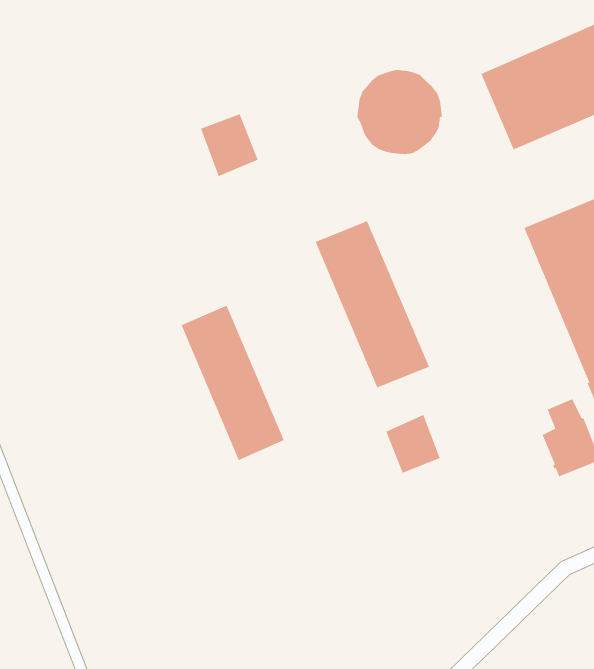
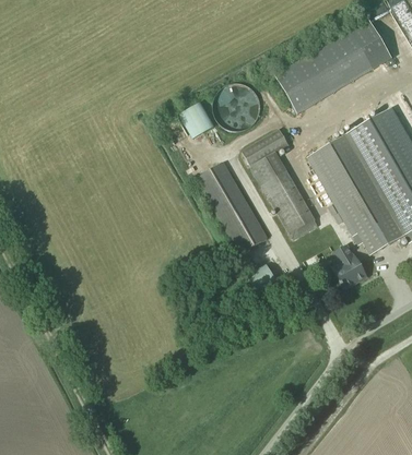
building: [200,113,258,177] -> [180,101,214,137]
building: none -> [243,129,320,239]
building: [181,305,284,461] -> none

